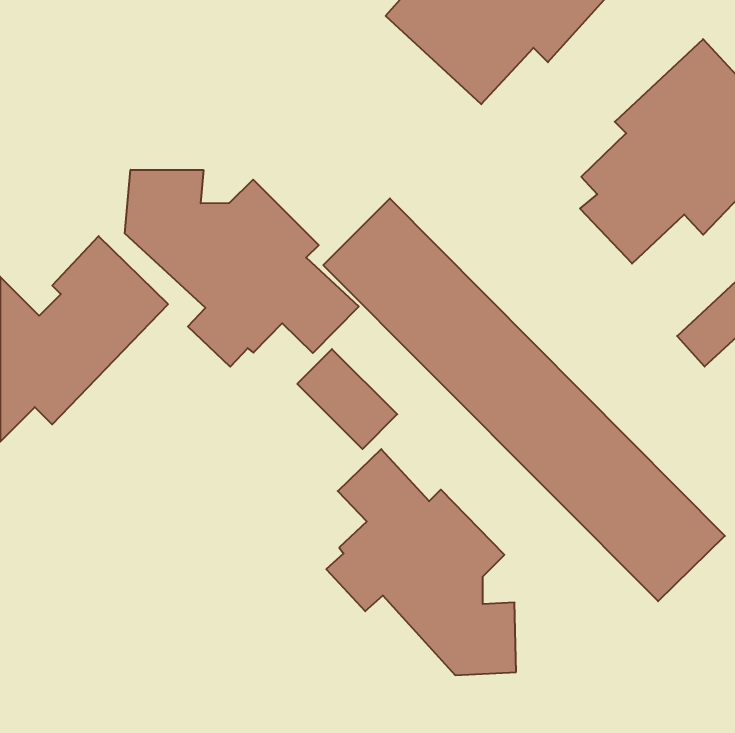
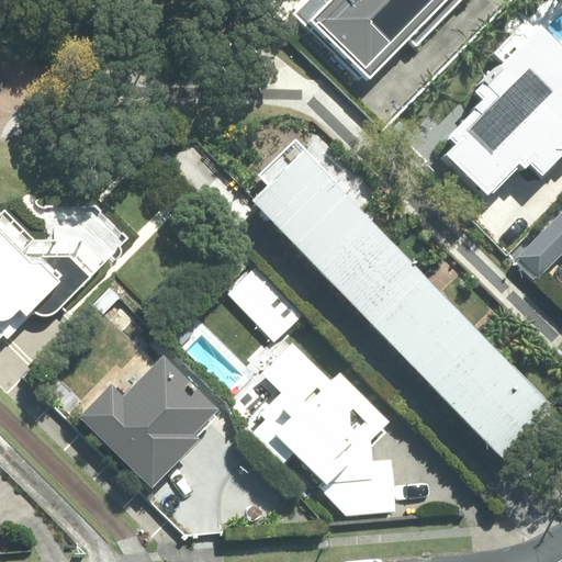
building: [125,170,359,367] -> none
building: none -> [71,327,226,488]

